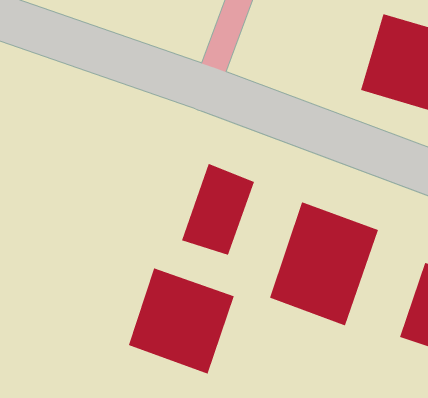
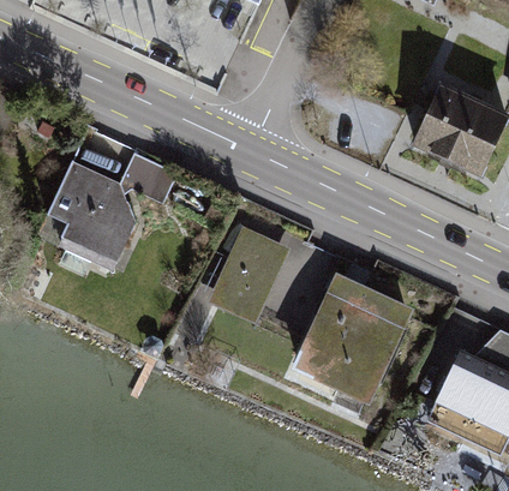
building: none -> [48,150,176,271]
building: [128,267,234,375] -> none

